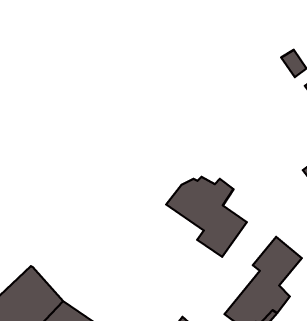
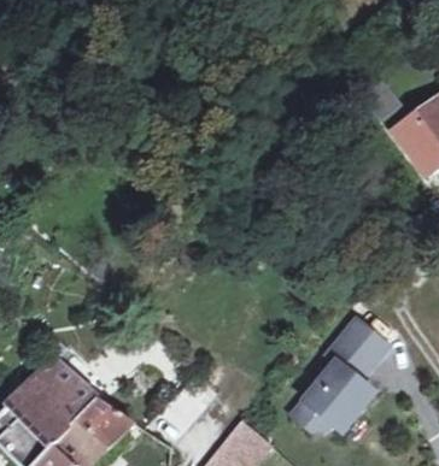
building: [166,177,247,257] -> none

